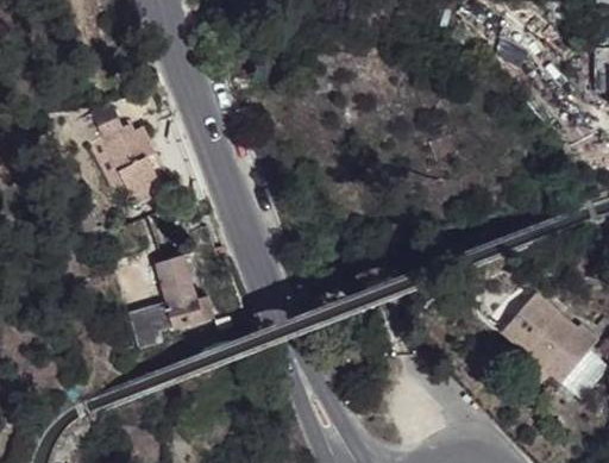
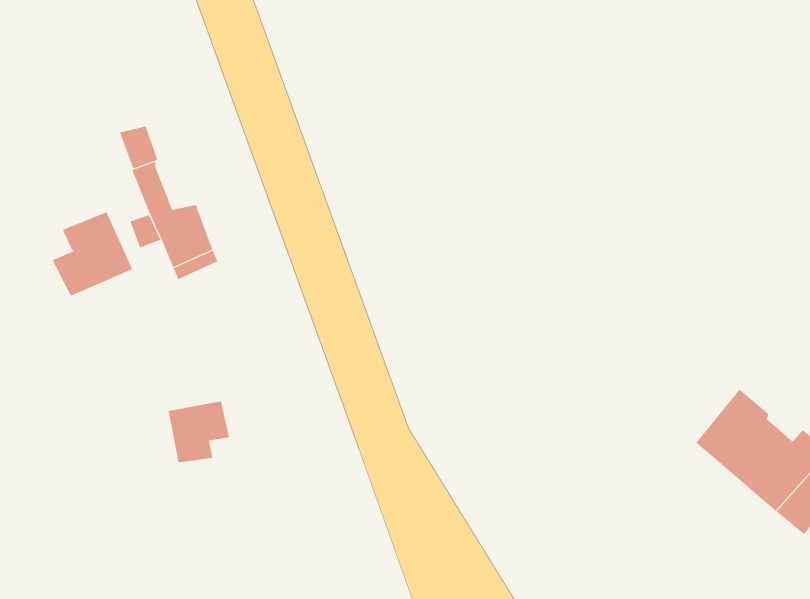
building: none -> [52,212,133,297]
building: [157,255,211,329] -> none

